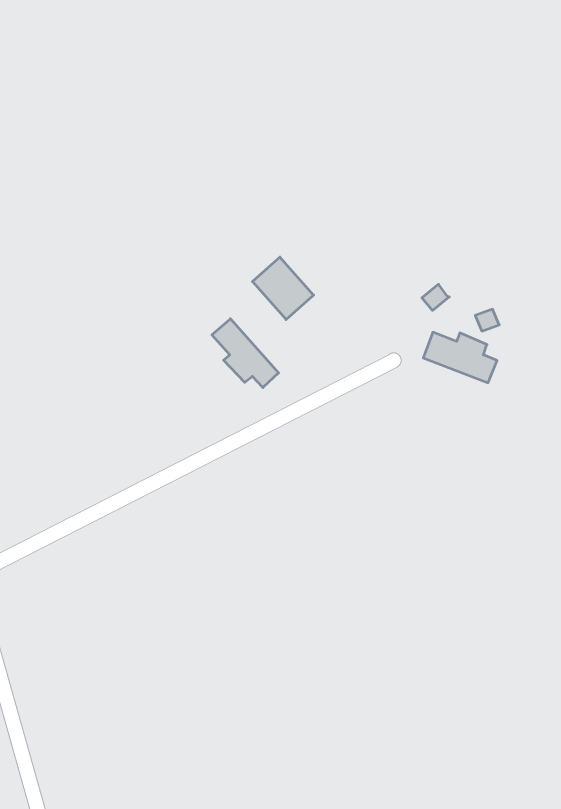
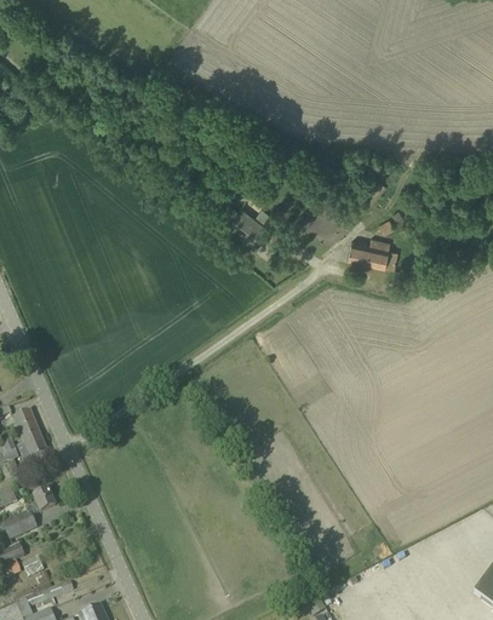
building: [212,319,279,388] -> none

